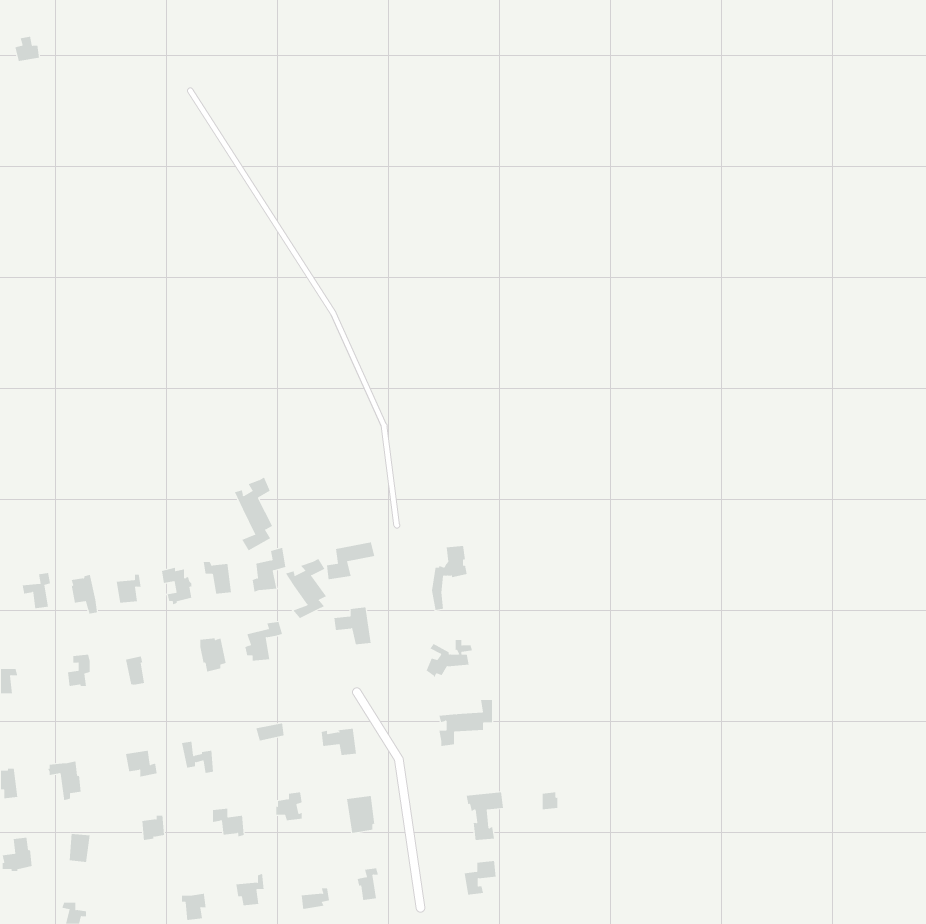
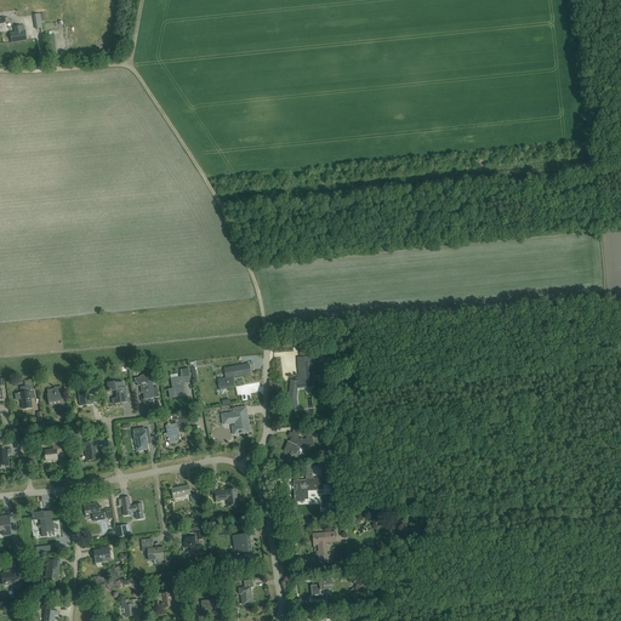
building: [234,477,273,551] -> none
building: [285,558,327,619] -> none

